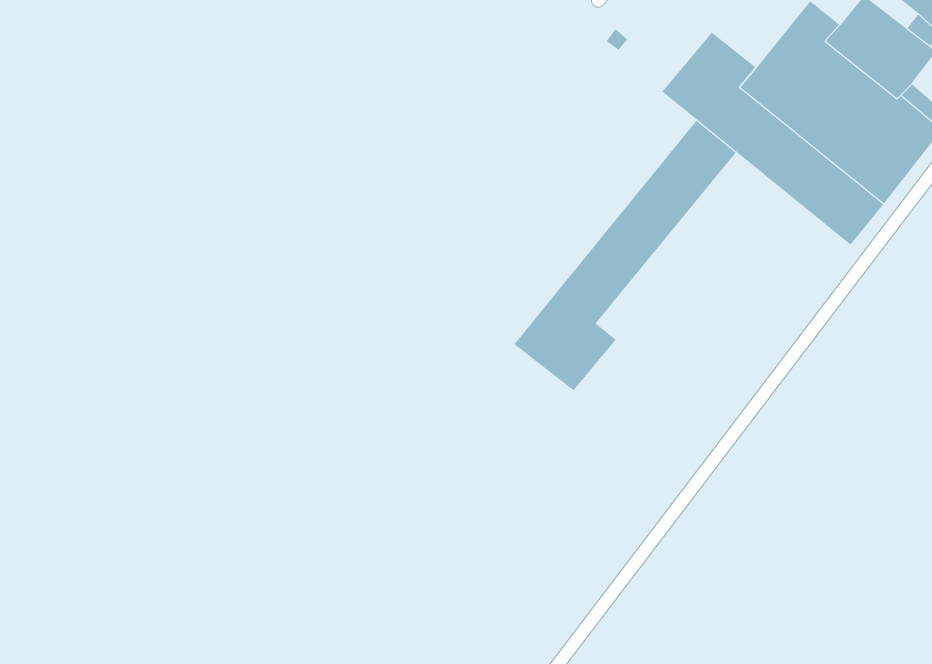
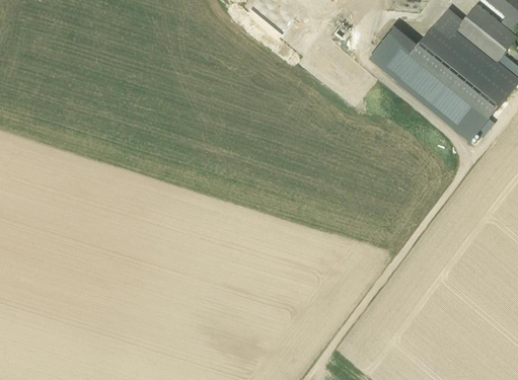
building: [513,120,737,391] -> none

